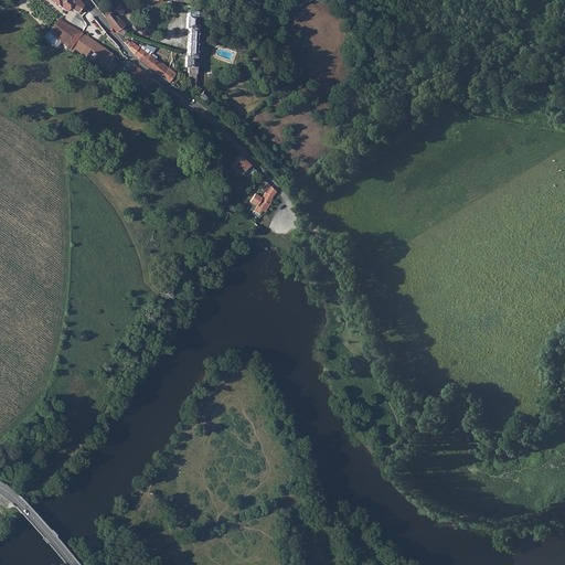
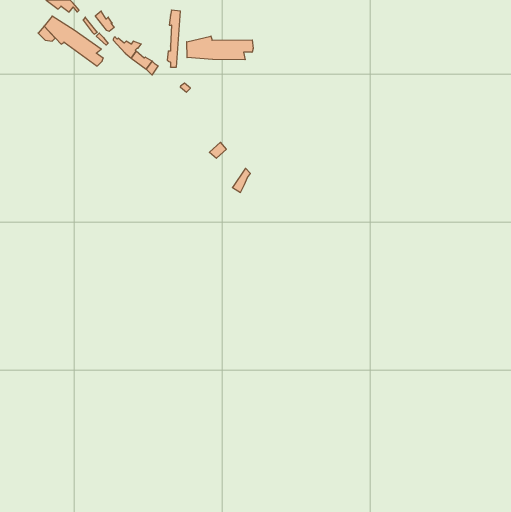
building: none -> [187,36,253,60]

